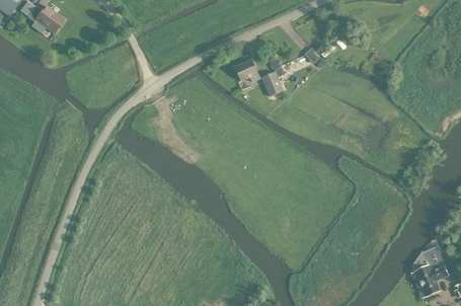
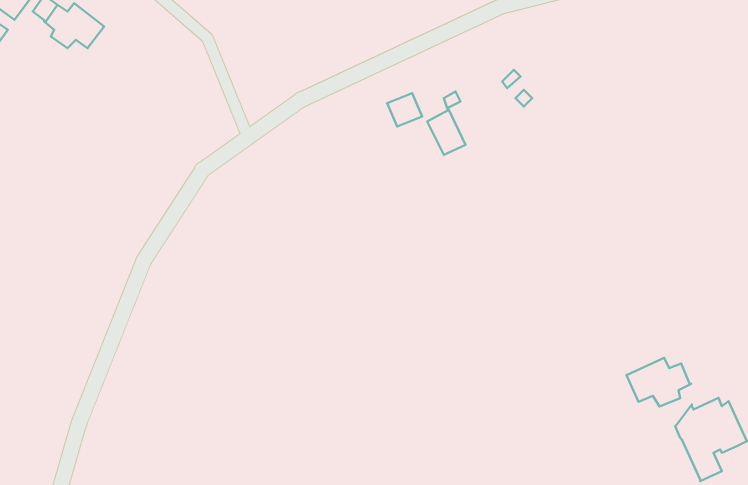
building: none -> [626,358,691,406]

